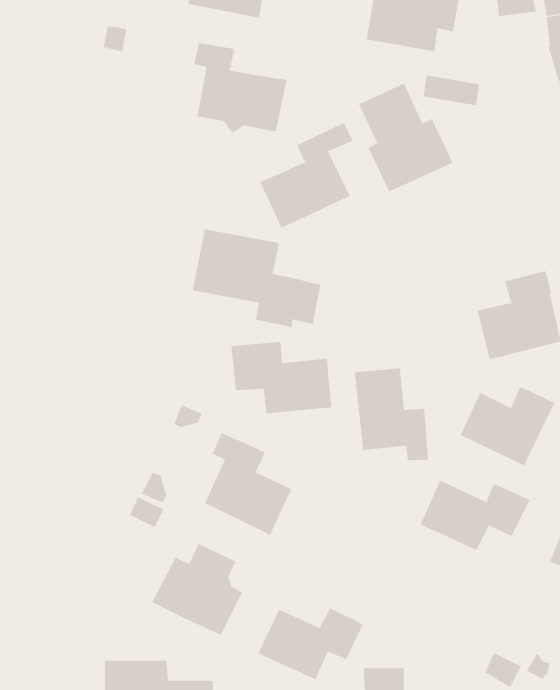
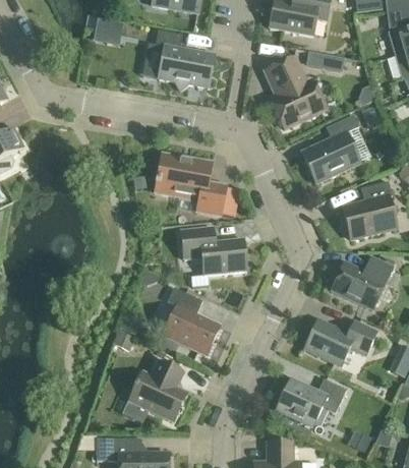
building: [260,122,353,228] -> [301,112,363,182]
building: [354,368,429,461] -> none
building: [257,607,364,680] -> [276,377,346,425]

